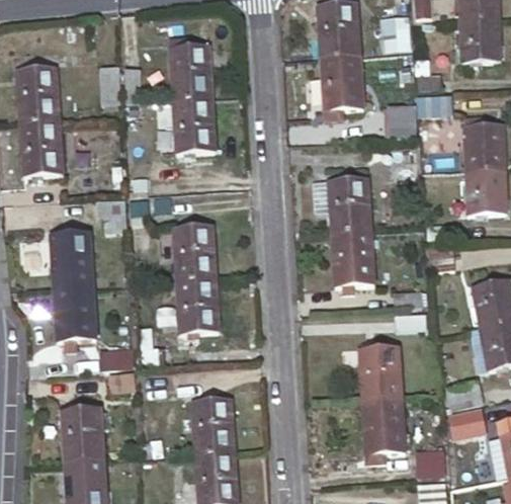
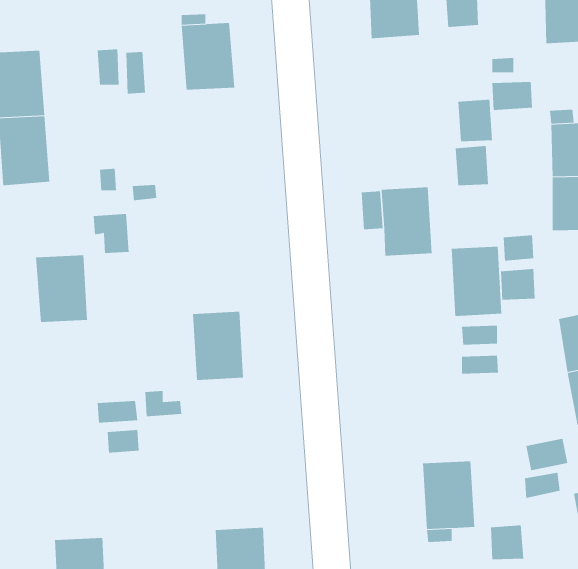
building: [321,56,363,112] -> none
building: [172,98,216,155] -> none
building: [174,225,216,280] -> none
building: [332,232,373,288] -> [451,246,502,316]
building: [55,285,97,353] -> none
building: [359,346,402,401] -> none
building: [192,400,235,454] -> none
building: [62,407,105,463] -> none

